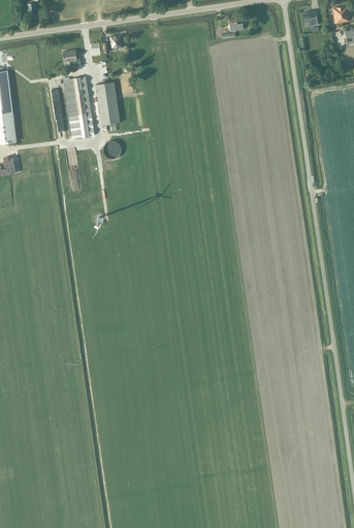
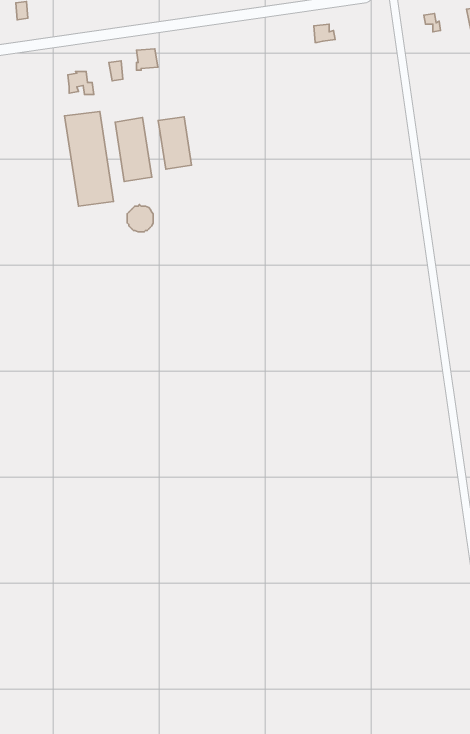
building: none -> [158,117,192,169]

